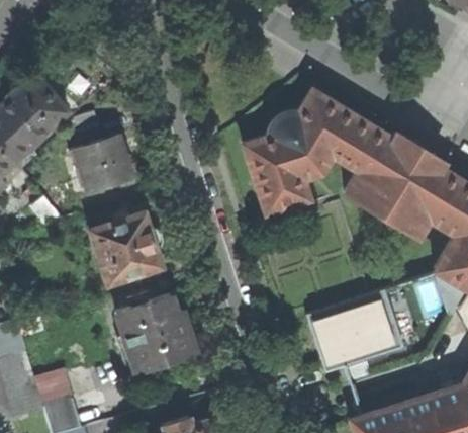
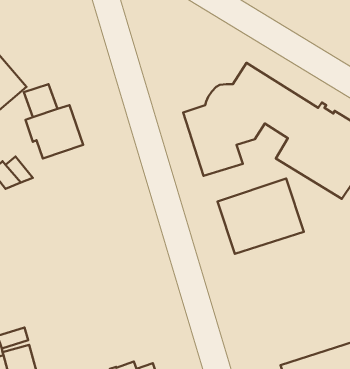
building: [90,212,164,284] -> none
building: [307,290,402,373] -> [218,179,304,254]
building: [116,293,197,374] -> none

